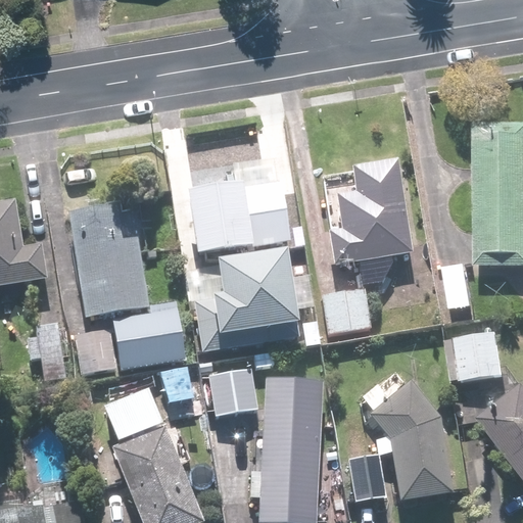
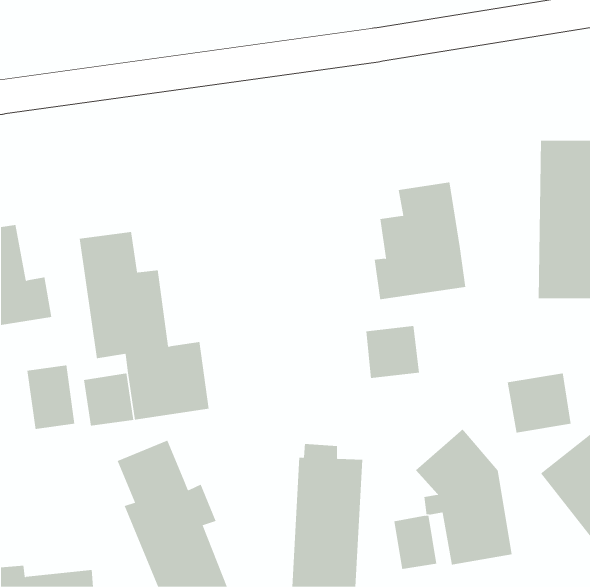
building: [187,178,291,284] -> none
building: [200,282,291,353] -> none
building: [208,366,259,417] -> none

